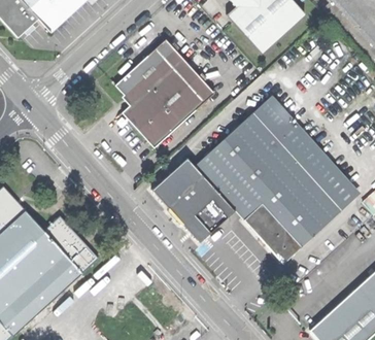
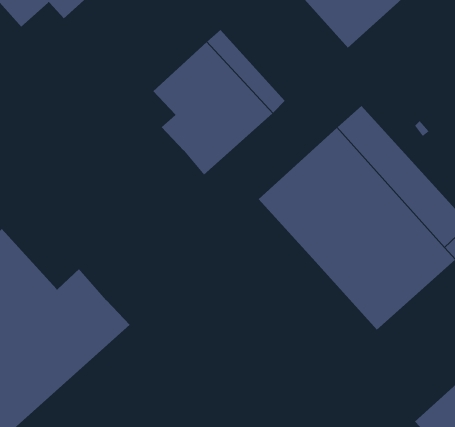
building: [151,157,234,241] -> none

